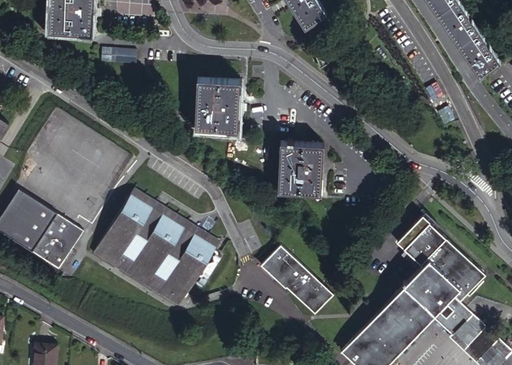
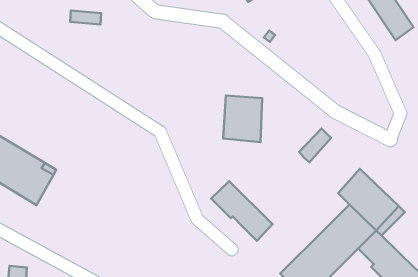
building: [194,78,241,132] -> none
building: [96,188,222,305] -> none
building: [398,218,435,257] -> [299,128,331,162]

